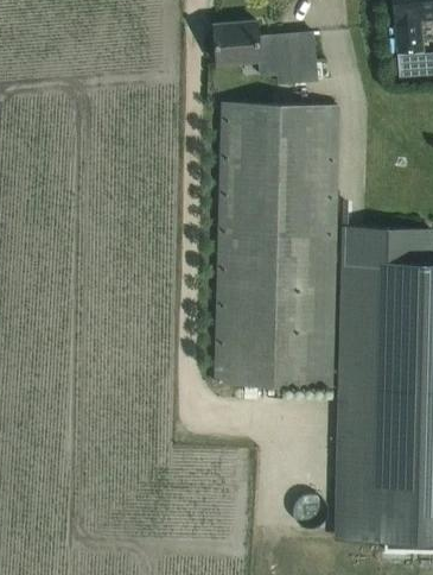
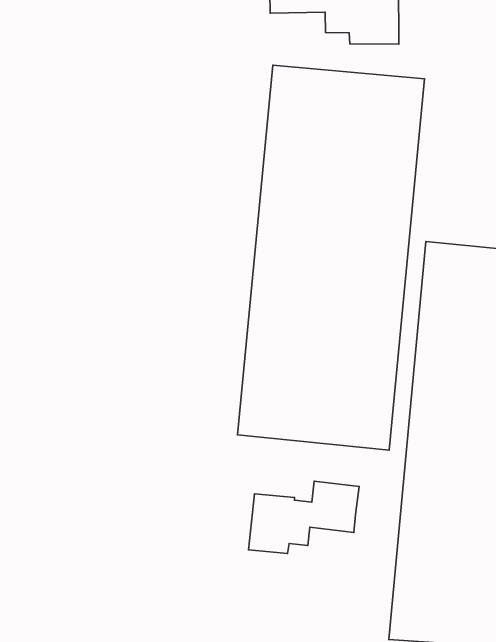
building: none -> [249,481,359,553]

